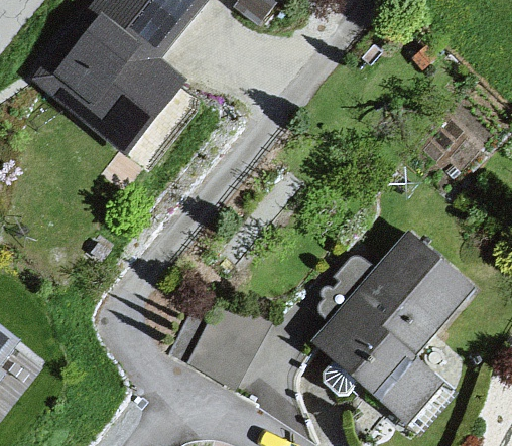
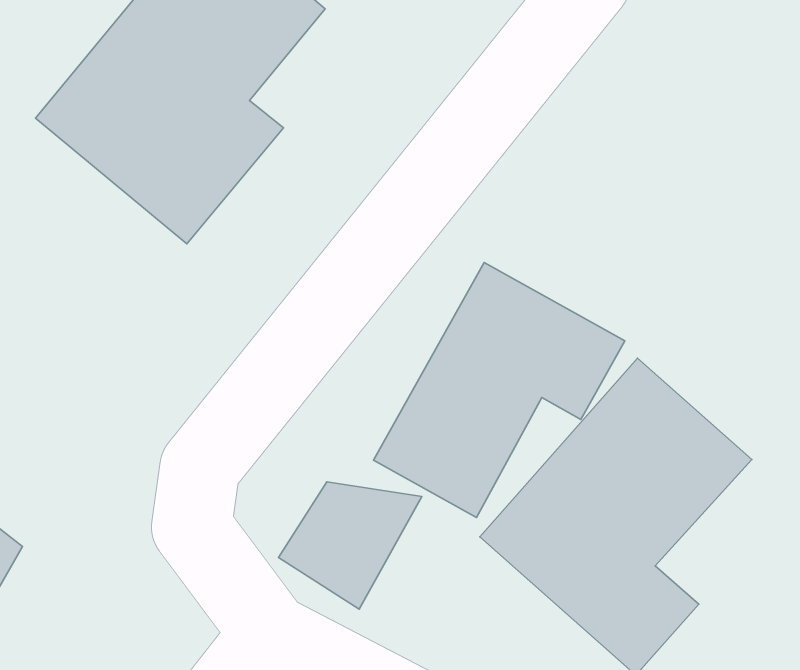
building: none -> [373,262,625,518]

